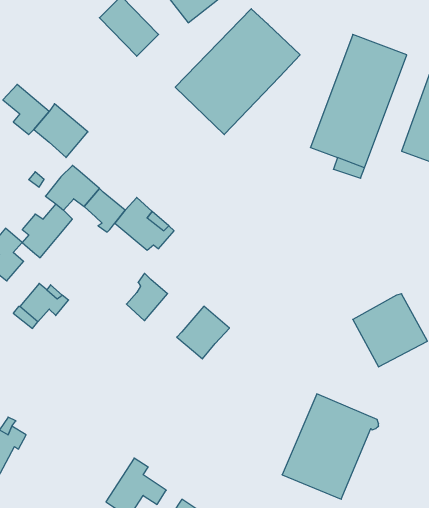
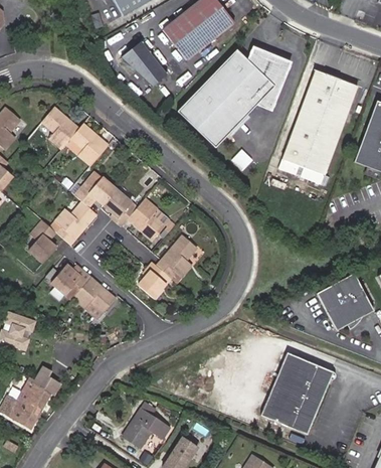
building: none -> [249,48,289,108]
building: none -> [76,278,119,319]
building: [177,306,229,359] -> [158,238,199,279]

